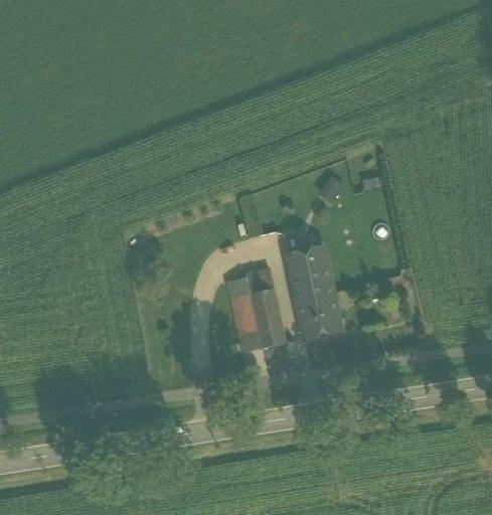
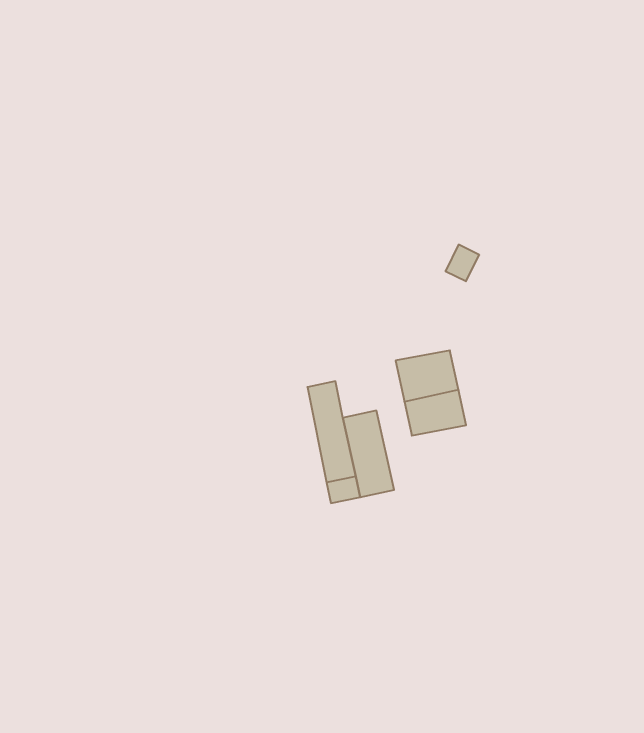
building: [244,265,273,295] -> none
building: [297,300,340,339] -> none

